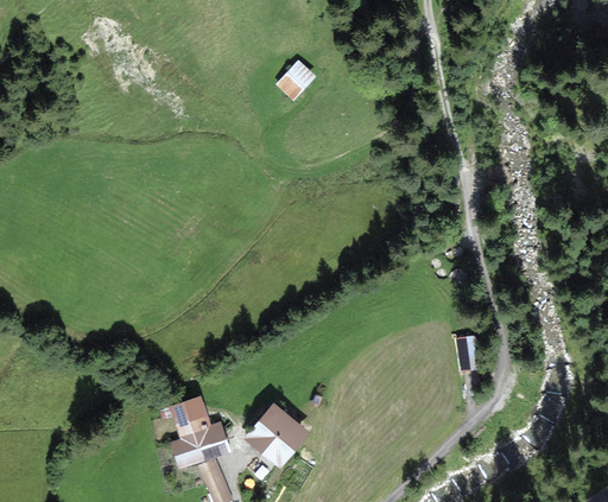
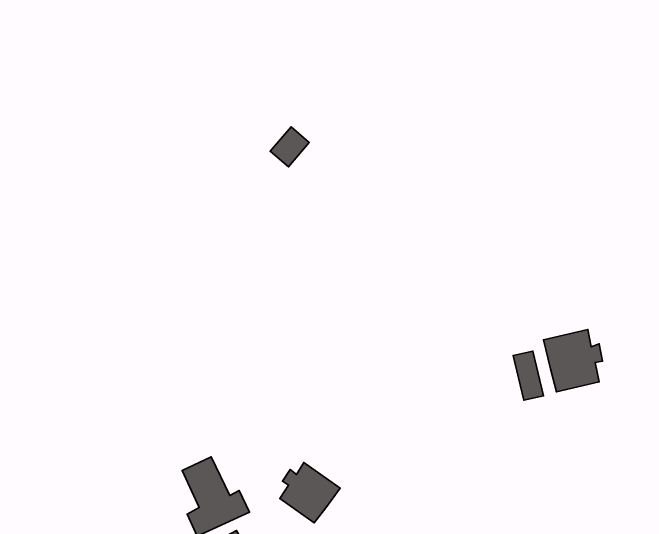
building: [278,61,311,94] -> [270,127,309,167]
building: none -> [543,329,602,392]

